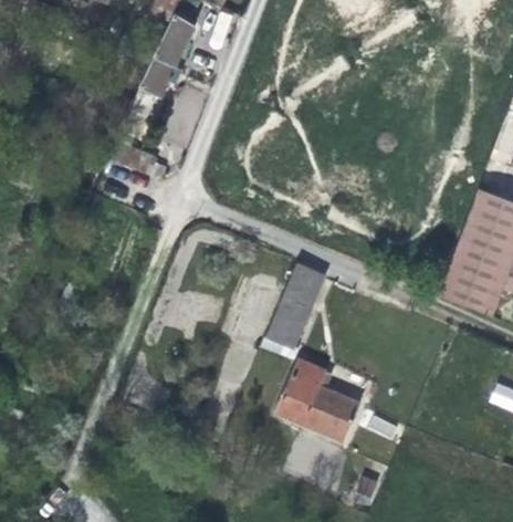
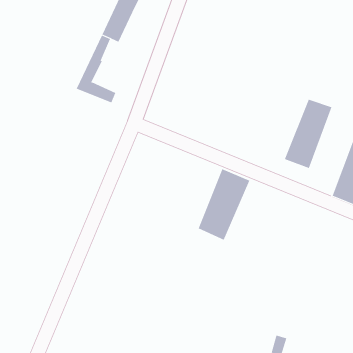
building: none -> [284,99,332,169]
building: [279,361,360,441] -> none

